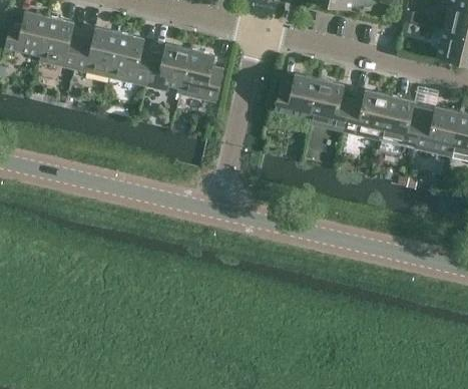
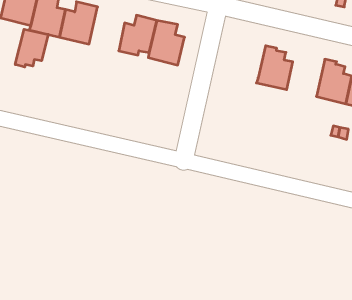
building: [110,32,152,84] -> none
building: none -> [15,29,48,67]
building: [275,74,320,116] -> none
building: [345,91,390,138] -> none

